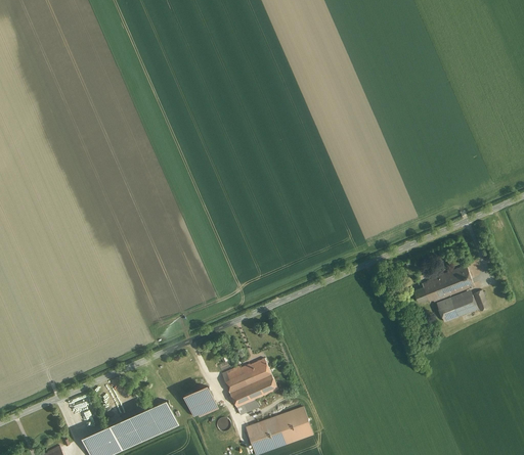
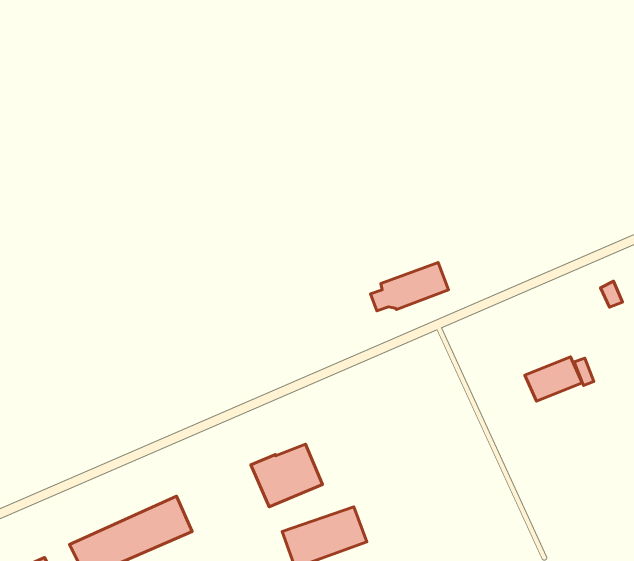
building: [416,266,477,304] -> [370,263,449,311]
building: [181,382,217,417] -> none

